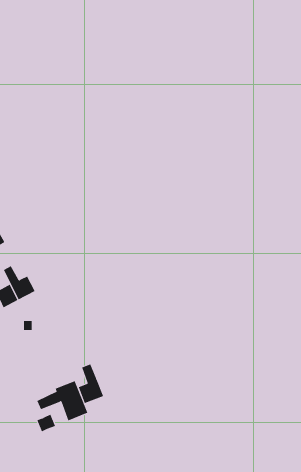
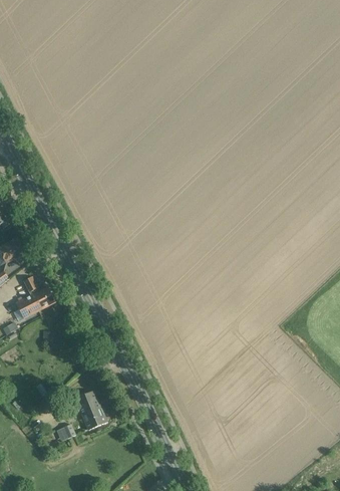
building: [78,363,104,404] -> none

